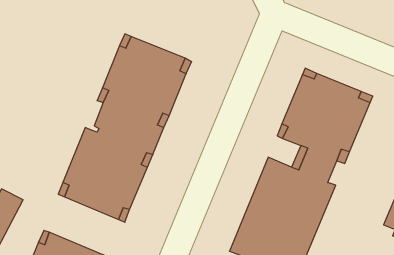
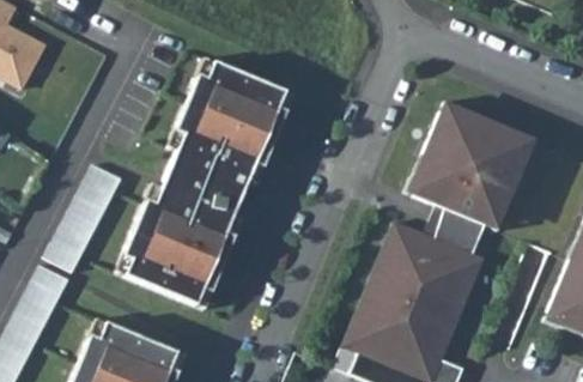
building: none -> [44,160,121,269]

